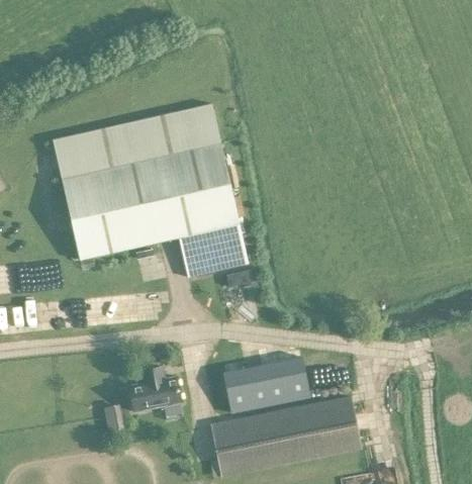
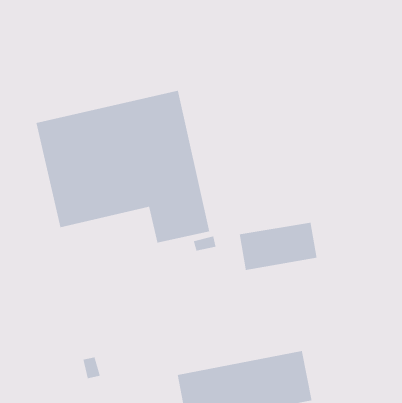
building: [223,356,311,410] -> [239,222,318,271]
building: [127,366,180,411] -> none

